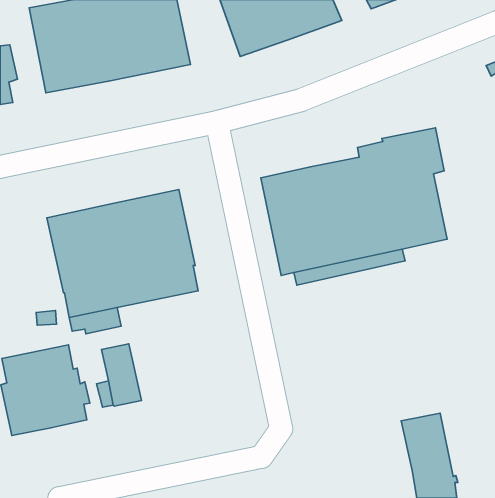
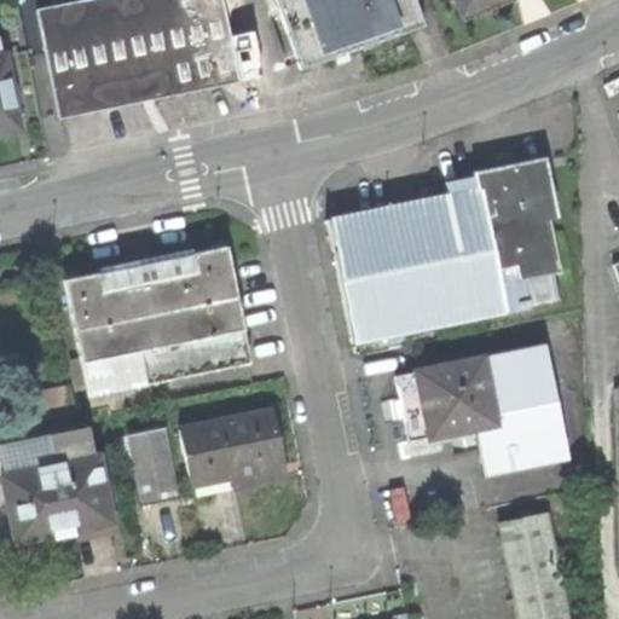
building: none -> [398,343,568,473]
building: none -> [184,410,279,492]

